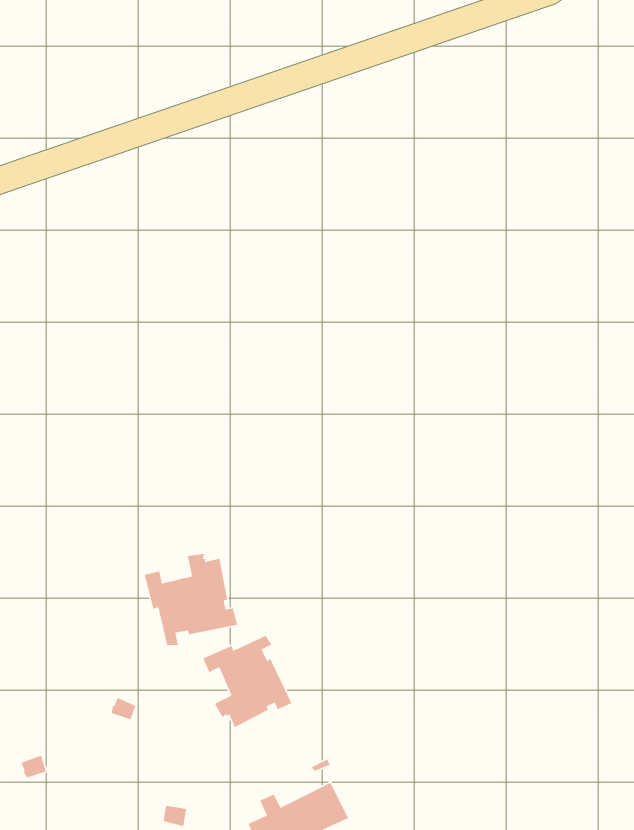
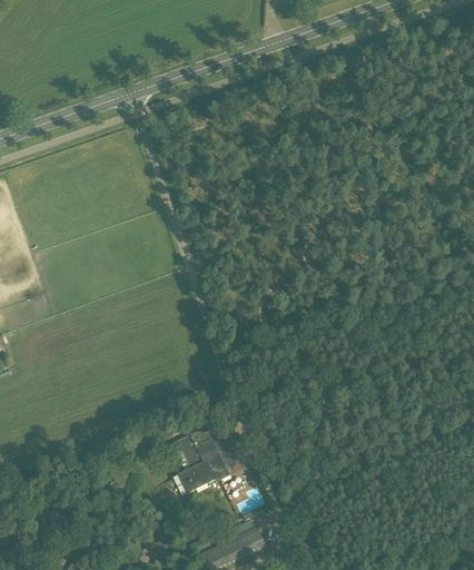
building: [144,553,238,646] -> none

